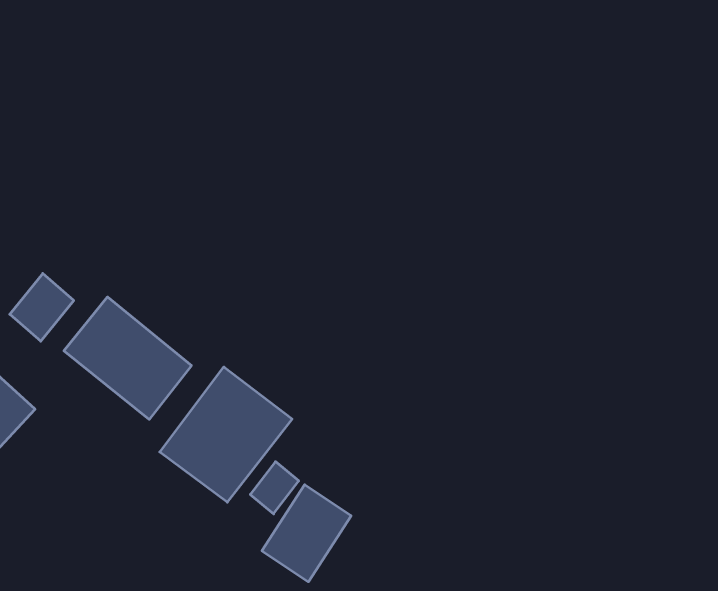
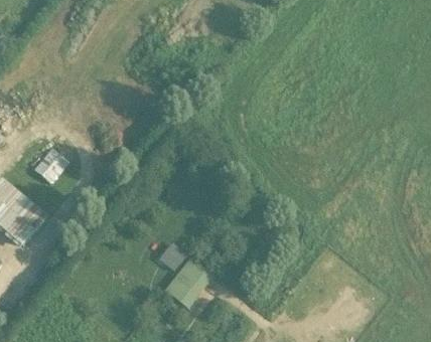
building: [64,297,191,419] -> none
building: [160,367,292,502] -> none

